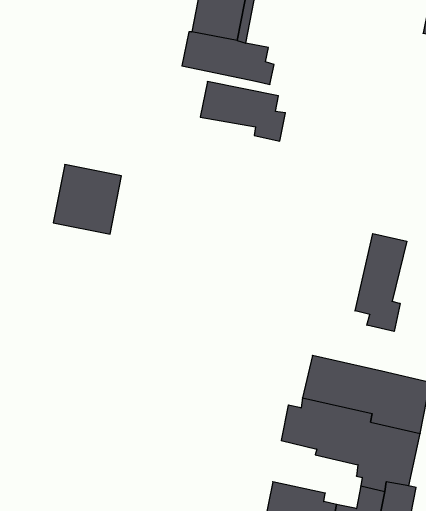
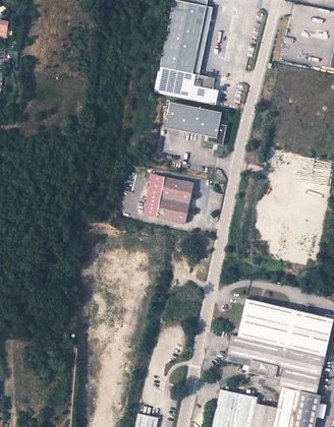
building: [53,165,121,234] -> [145,173,193,223]
building: [355,234,407,331] -> none

